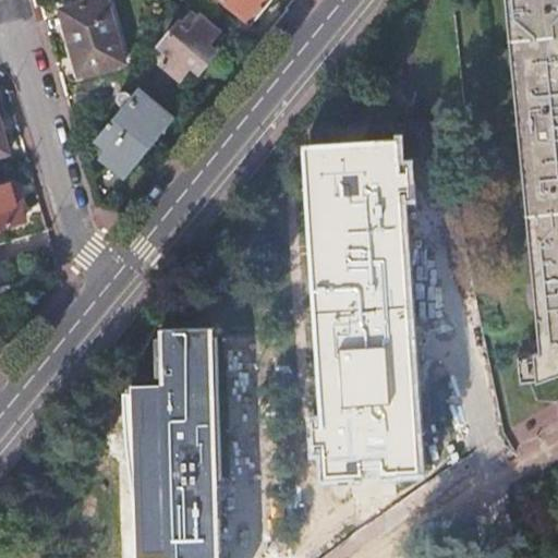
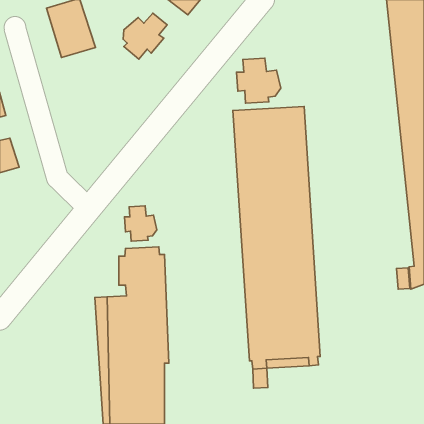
building: none -> [237,58,281,103]
building: [99,90,173,177] -> none
building: none -> [125,206,157,241]

